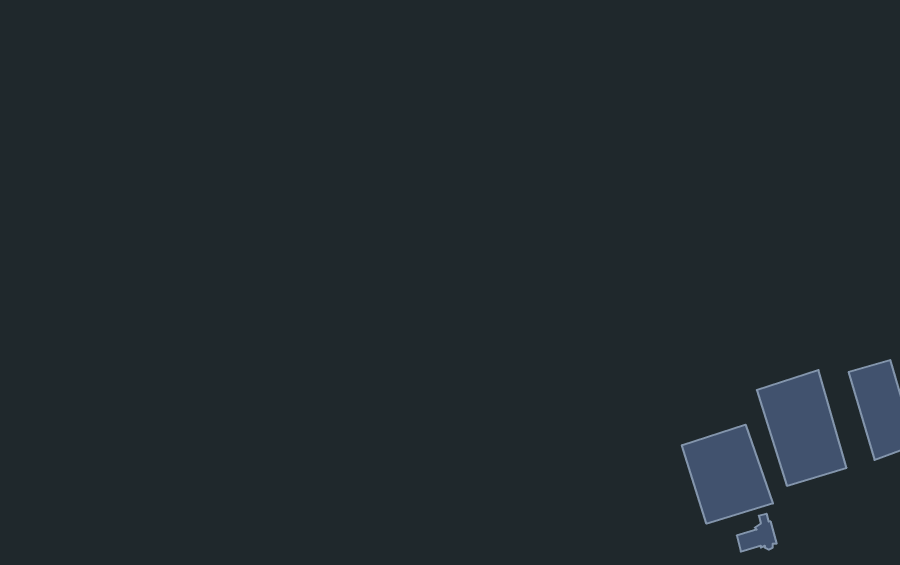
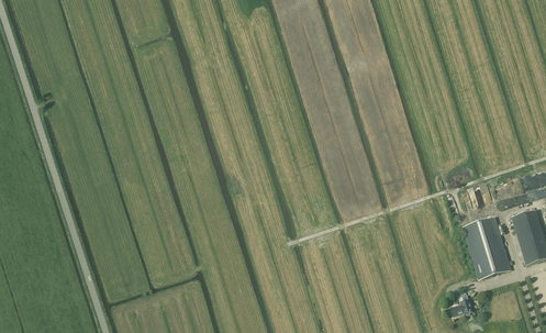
building: [682,425,773,524] -> none

